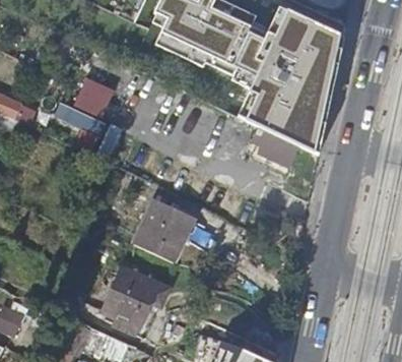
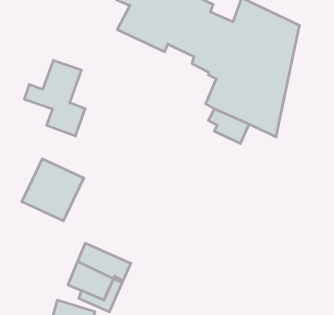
building: [133,196,198,261] -> [22,159,84,221]

